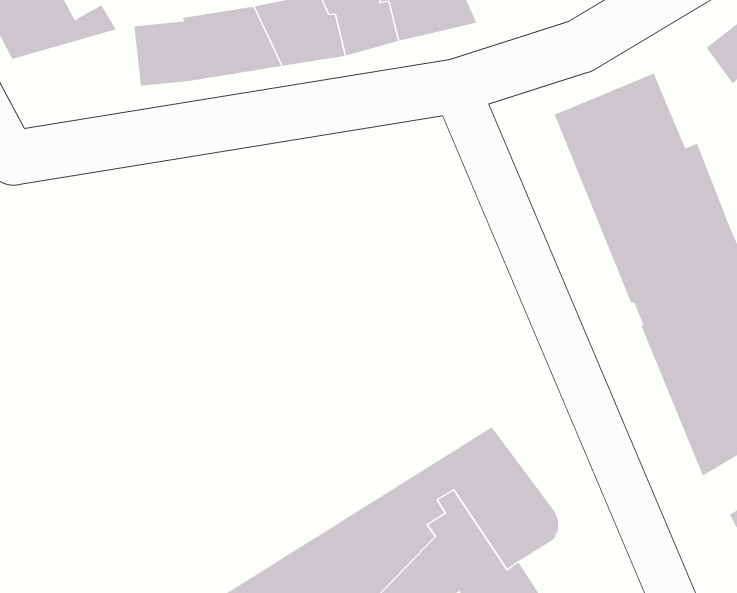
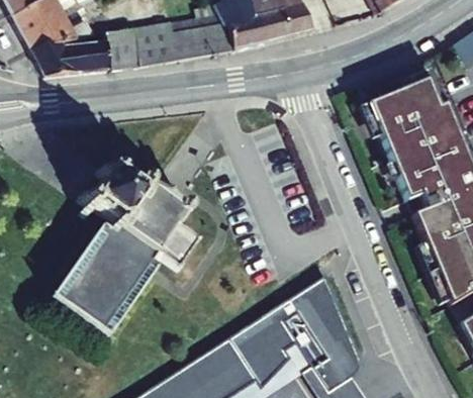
building: none -> [32,33,110,78]
building: none -> [52,165,200,337]

